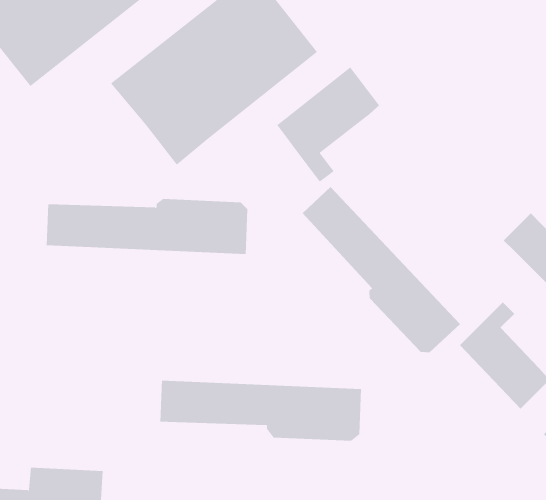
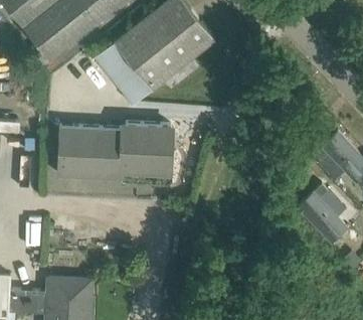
building: [276,66,380,183] -> none
building: [302,186,461,353] -> none
building: [160,380,362,441] -> [56,151,173,186]

